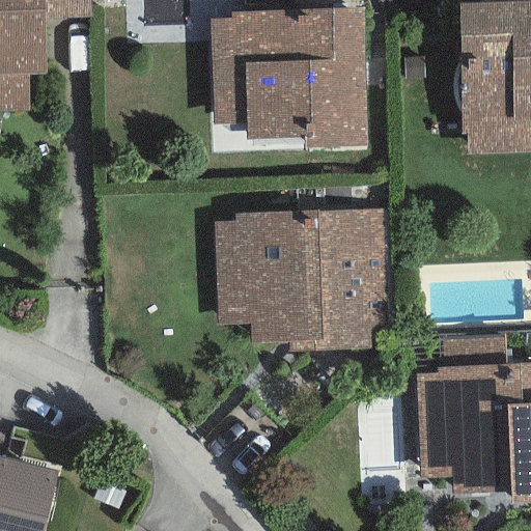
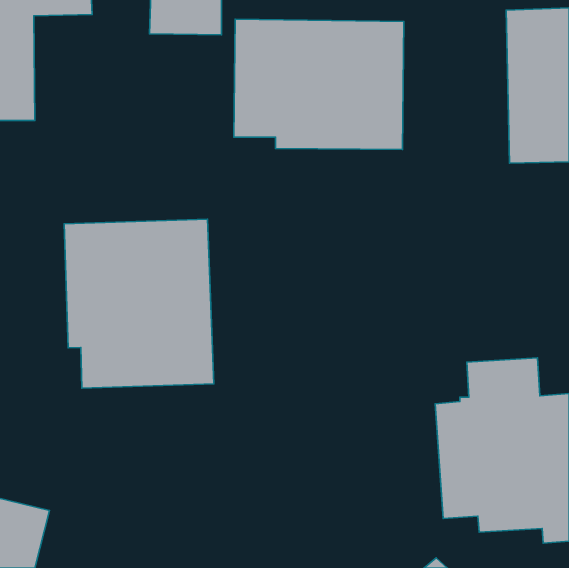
building: none -> [64,219,214,388]
building: [222,208,393,330] -> none

